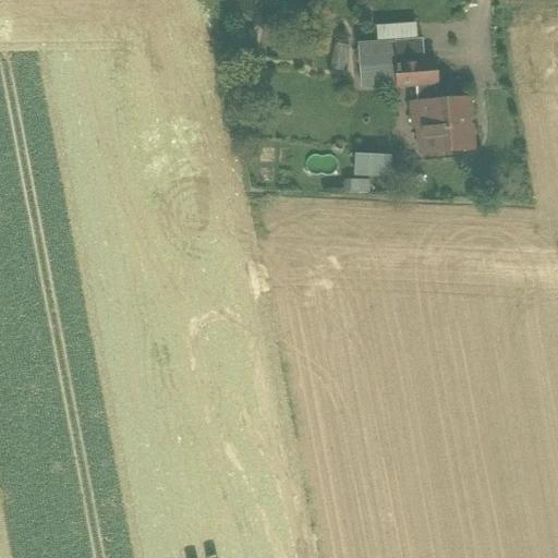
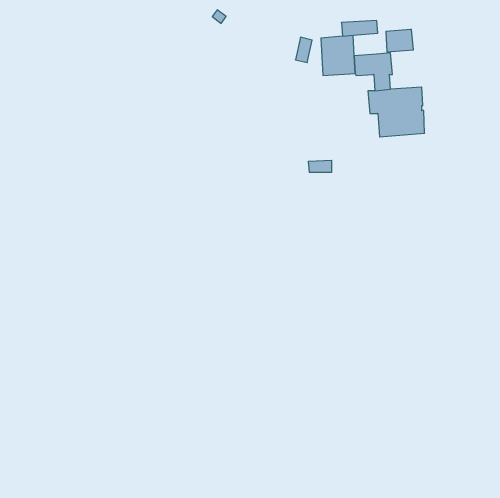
building: [393,37,424,62] -> [386,29,413,52]
building: [353,153,391,177] -> none

